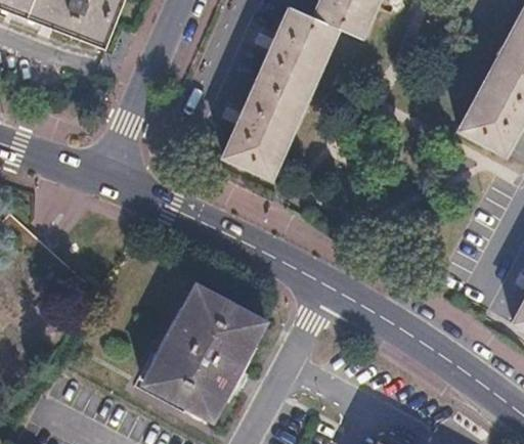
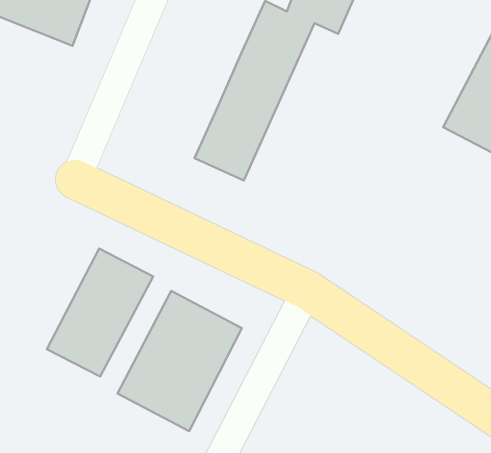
building: none -> [47,248,153,376]

